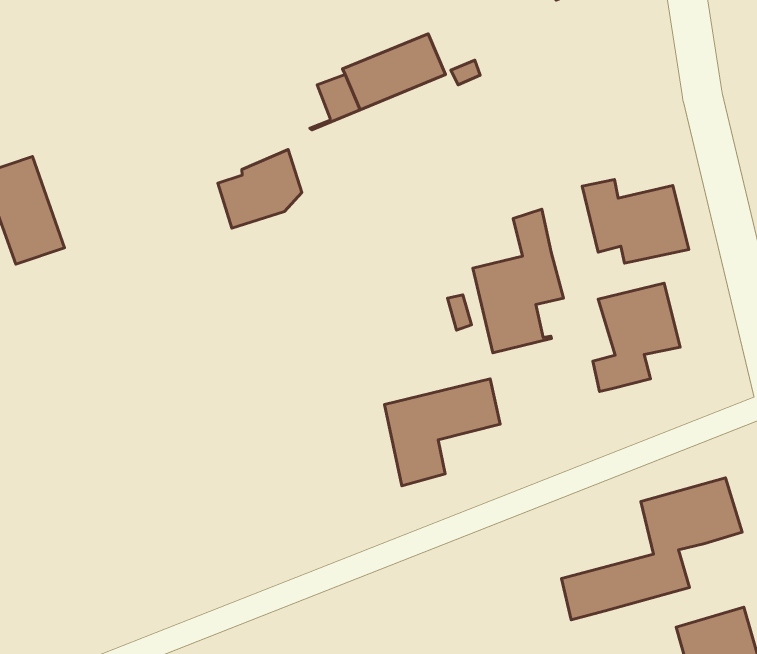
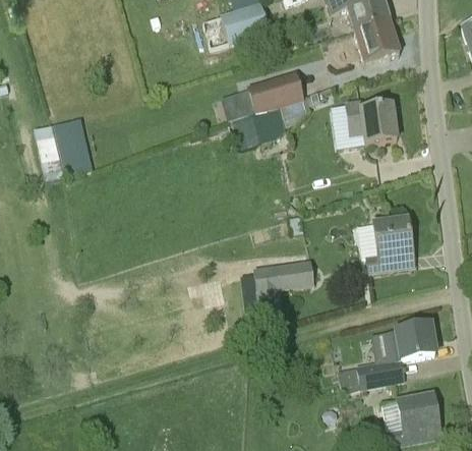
building: [218,150,302,228] -> [242,105,286,144]
building: [582,179,689,263] -> [344,98,397,143]
building: [473,209,564,353] -> none

